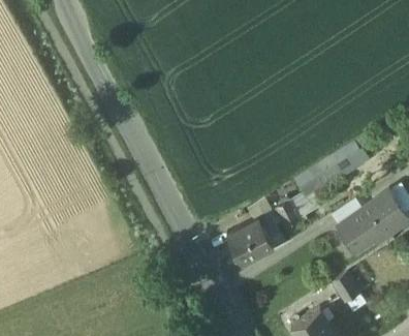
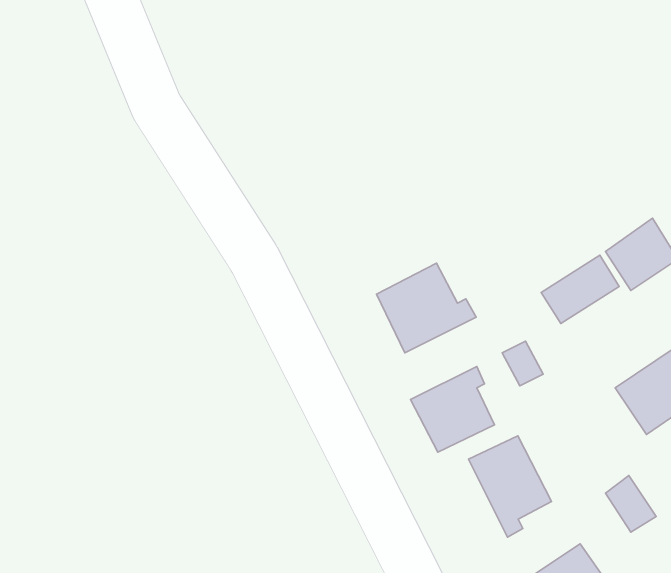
building: none -> [377,263,476,353]
building: none -> [469,436,552,537]

